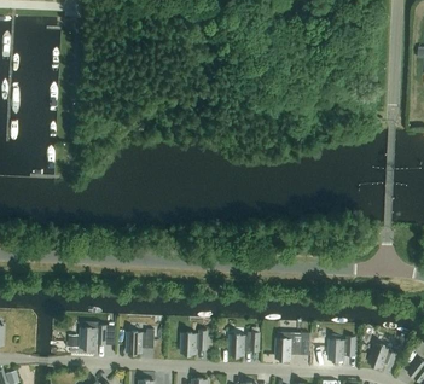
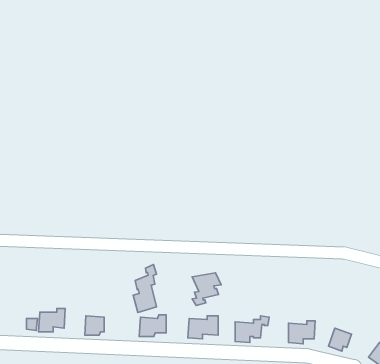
building: none -> [133,264,157,312]
building: none -> [192,273,221,306]

